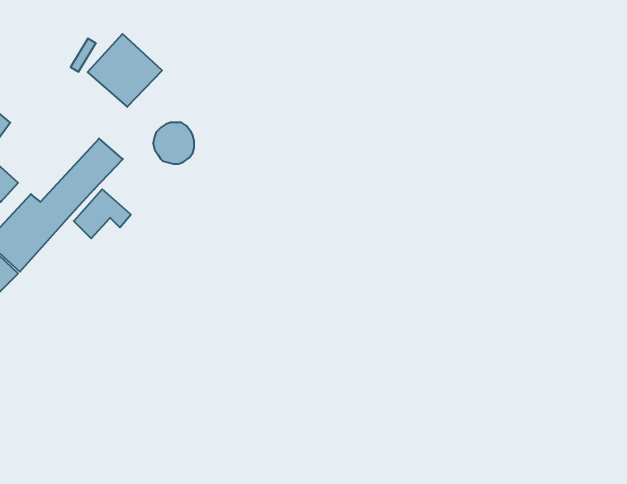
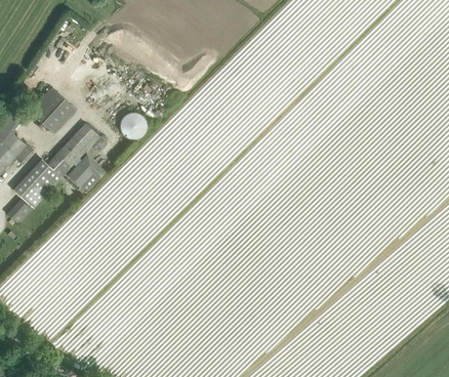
building: [88,34,162,107] -> [29,87,77,134]

